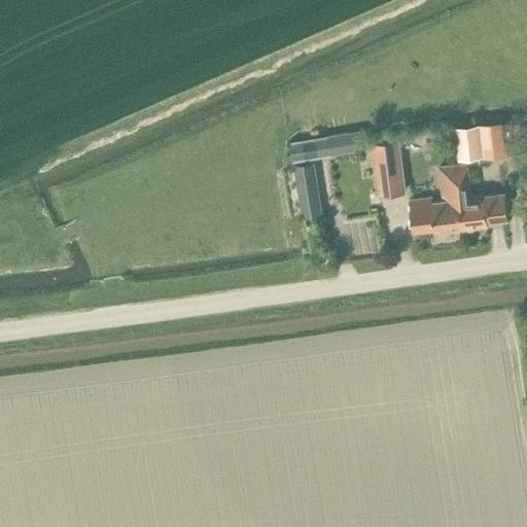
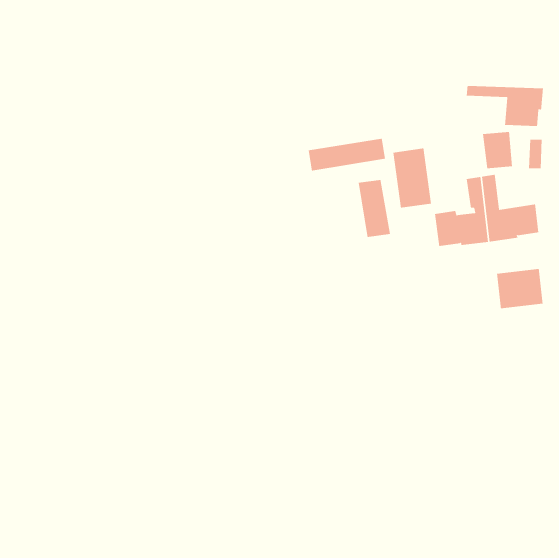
building: none -> [466,85,543,127]
building: [291,164,322,218] -> [358,179,391,237]
building: none -> [496,268,543,309]

